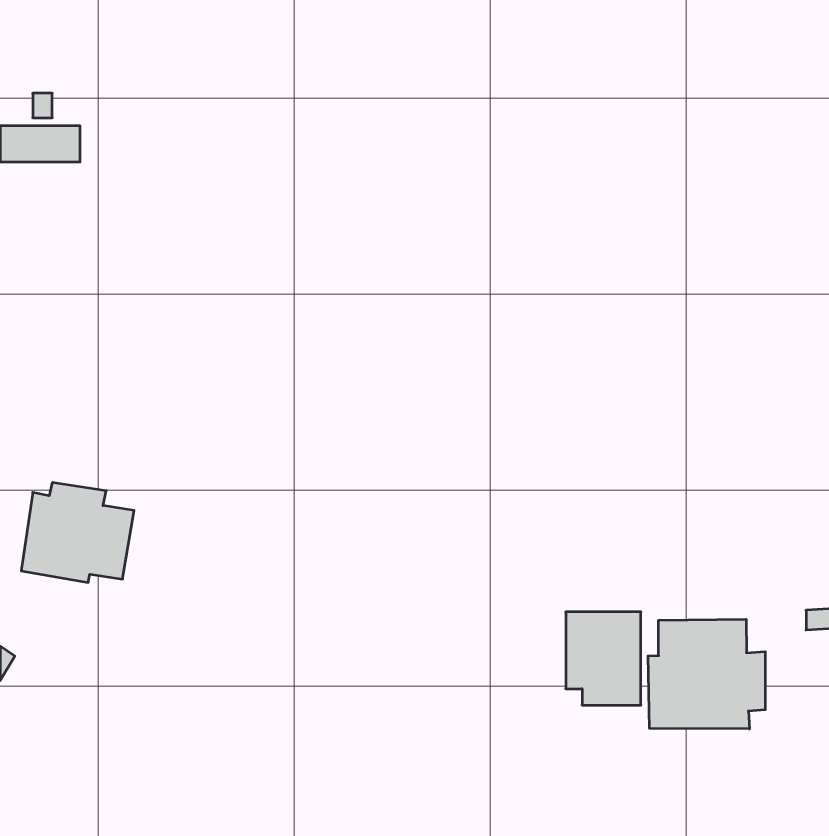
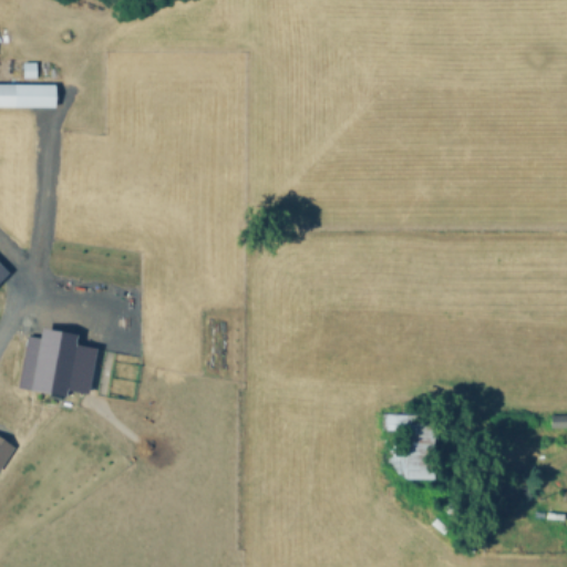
building: [648,619,765,729] -> none

